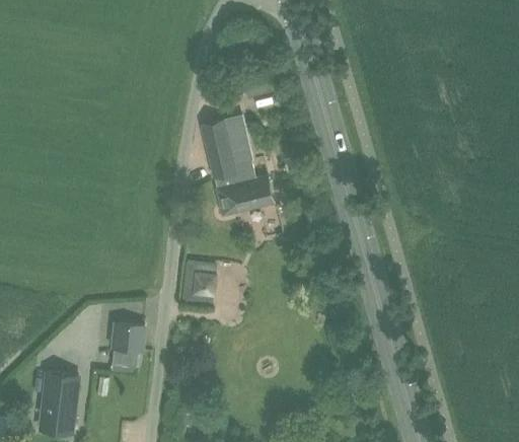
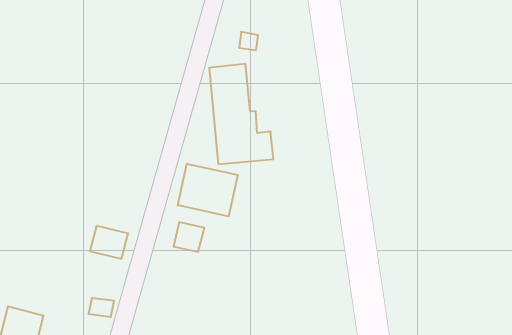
building: none -> [178,164,238,216]
building: [112,322,145,350] -> [90,226,128,259]

